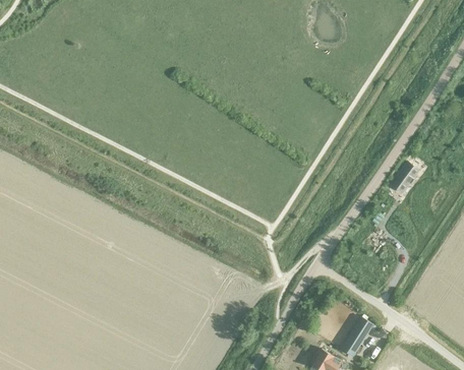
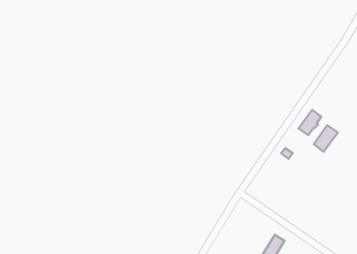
building: none -> [314,125,338,152]

